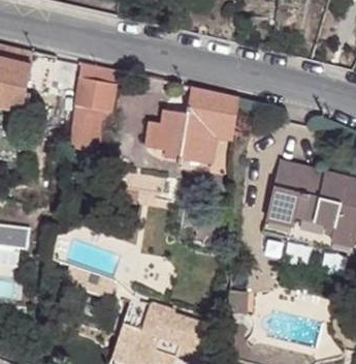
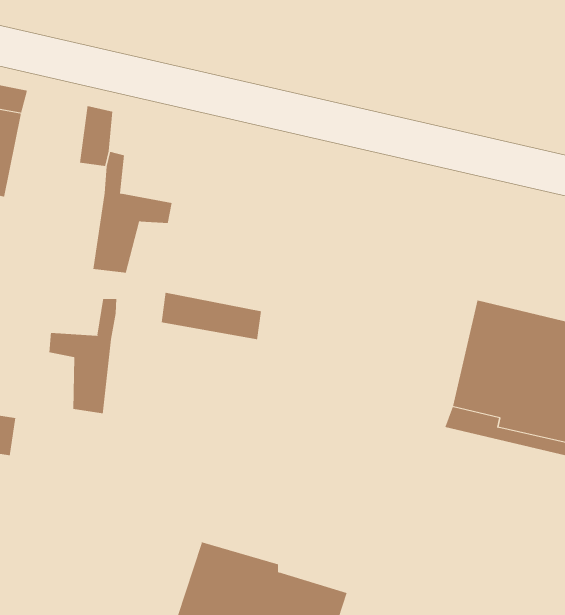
building: [85,62,118,111] -> none
building: [156,86,240,155] -> none
building: none -> [49,298,117,414]

